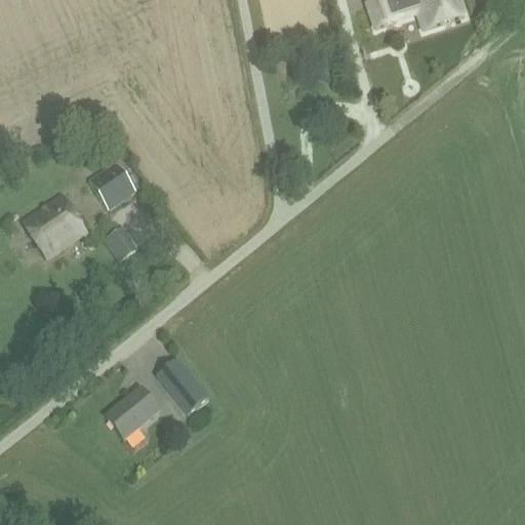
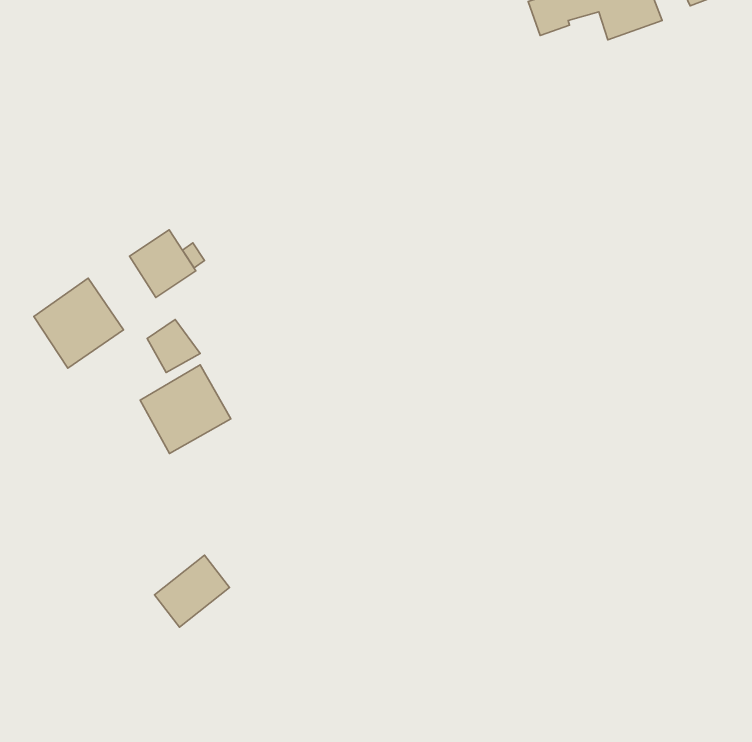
building: none -> [140,365,231,454]
building: [157,357,209,412] -> none

